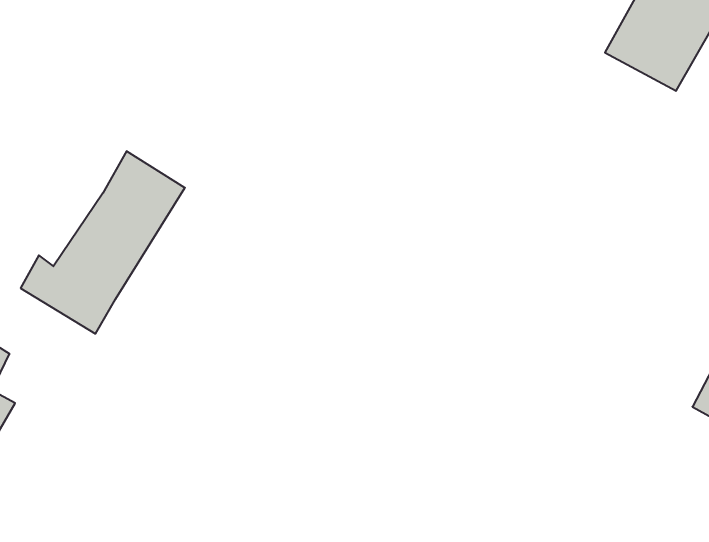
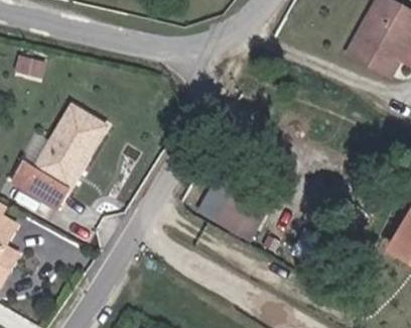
building: none -> [199,189,268,241]

